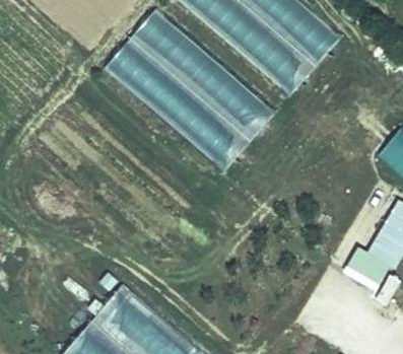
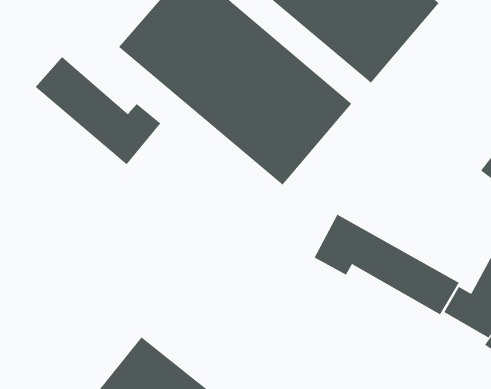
building: none -> [35,56,161,165]
building: none -> [314,214,460,315]

